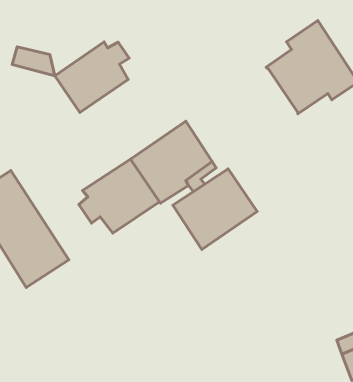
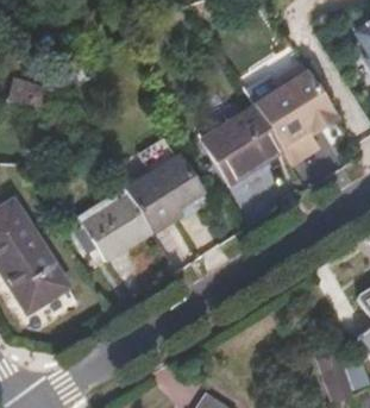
building: [55,42,129,113] -> none
building: [173,169,257,249] -> [203,106,283,182]

